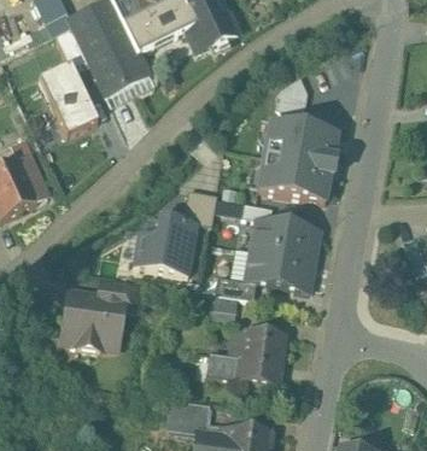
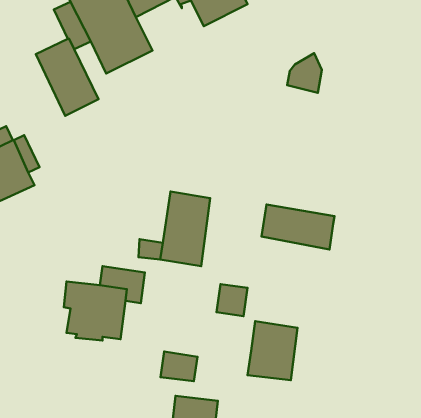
building: [258,121,338,200] -> none
building: [245,248,315,291] -> none
building: [206,351,241,379] -> [160,352,198,381]

